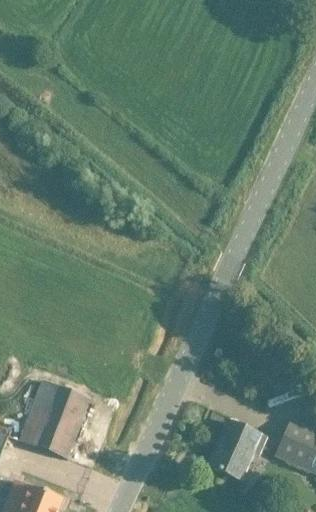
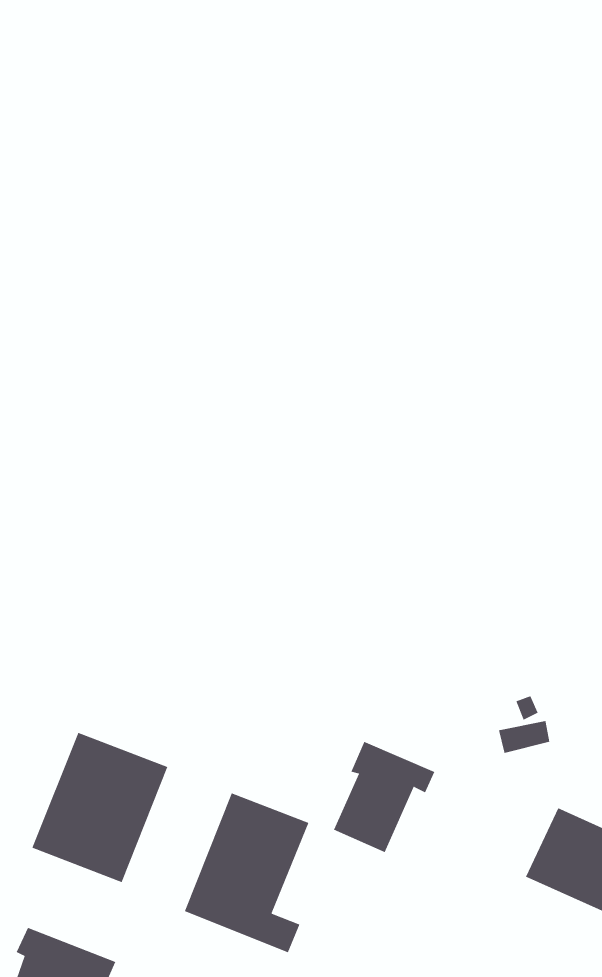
building: none -> [184,793,309,953]
building: [211,421,264,479] -> [333,741,435,853]

